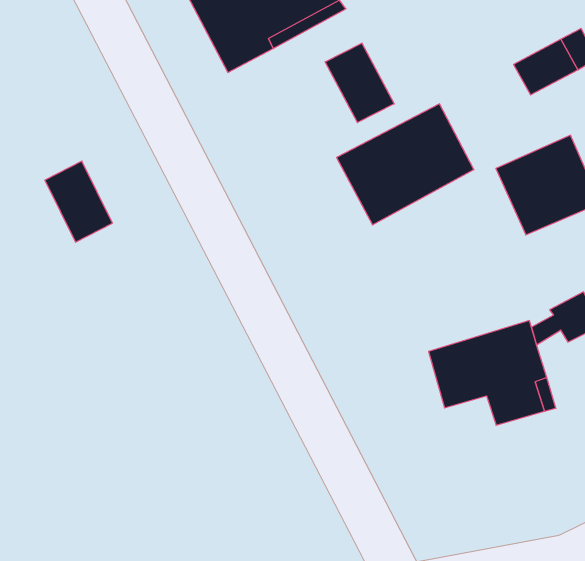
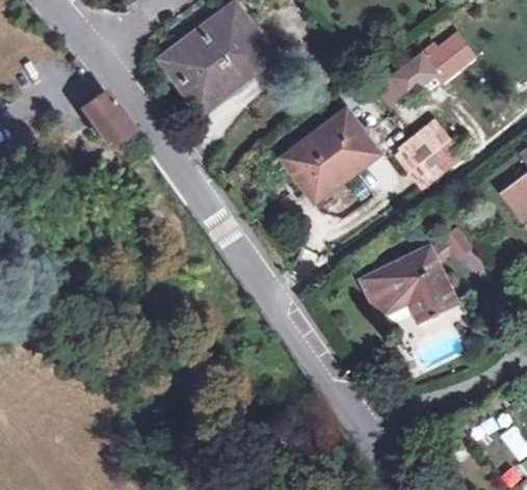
building: [325,43,394,123] -> none
building: [45,161,112,242] -> [82,93,132,148]

